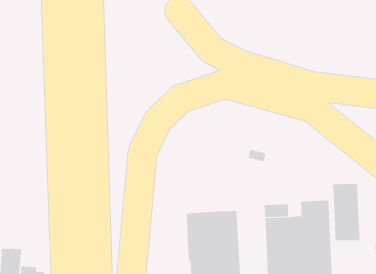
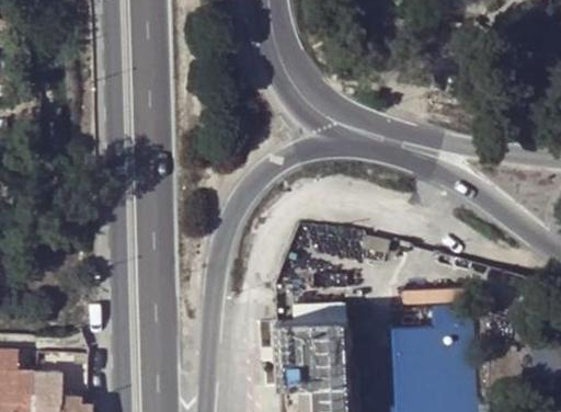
building: [332,183,360,241] -> none

